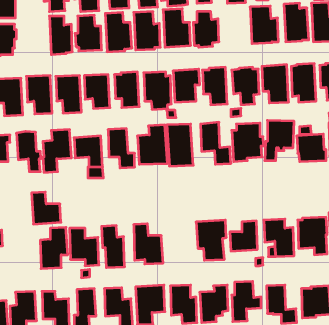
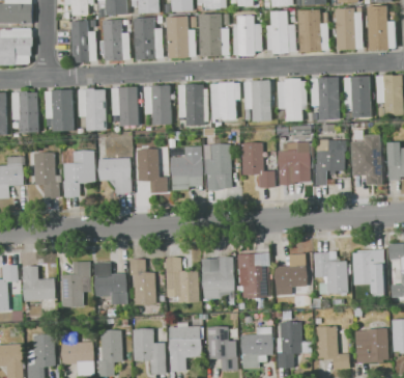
building: none -> [266,10,296,53]
building: [32,192,61,224] -> [22,265,55,301]
building: none -> [201,256,235,299]

